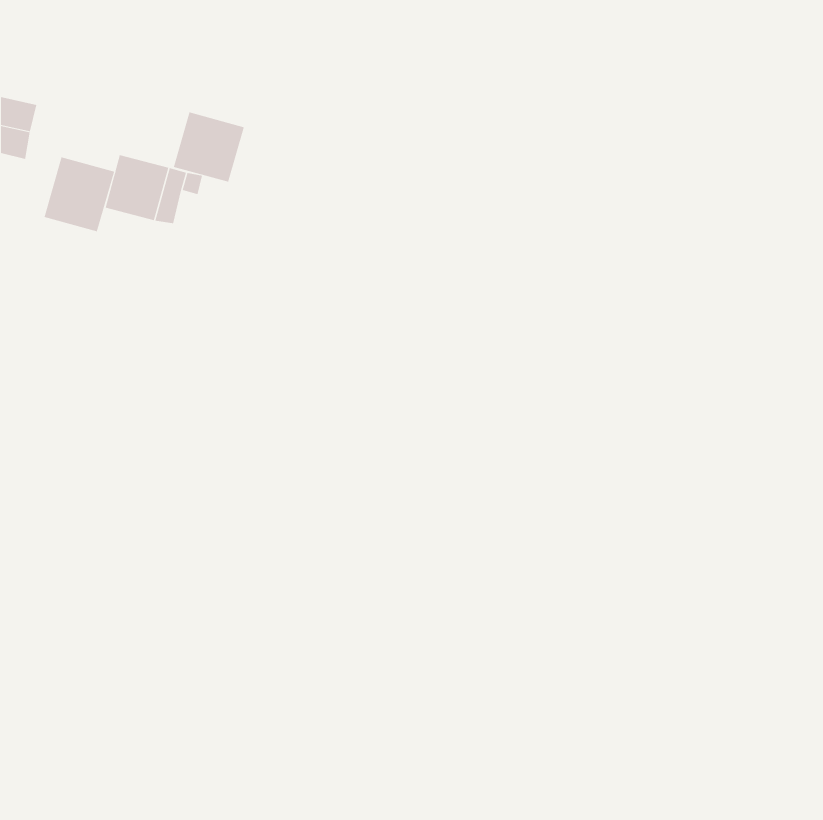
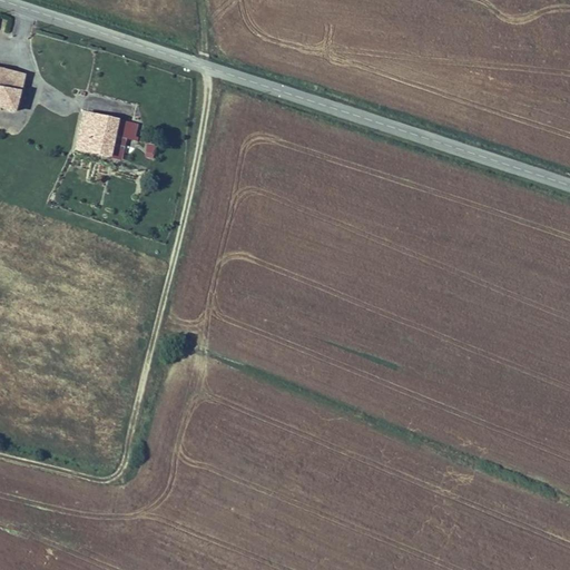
building: [173,112,245,183] -> none
building: [44,156,115,232] -> none

